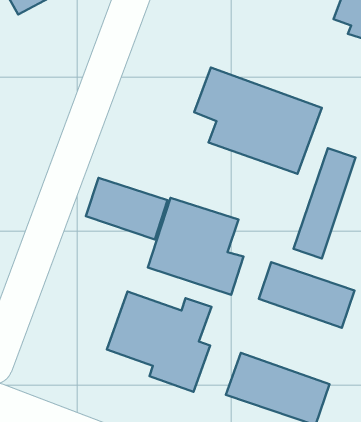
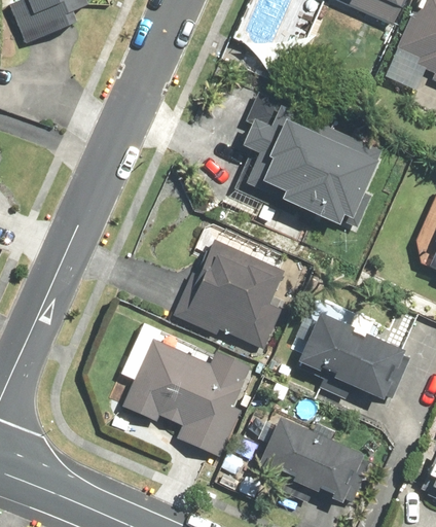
building: [294,148,356,259] -> none
building: [86,178,167,240] -> none

